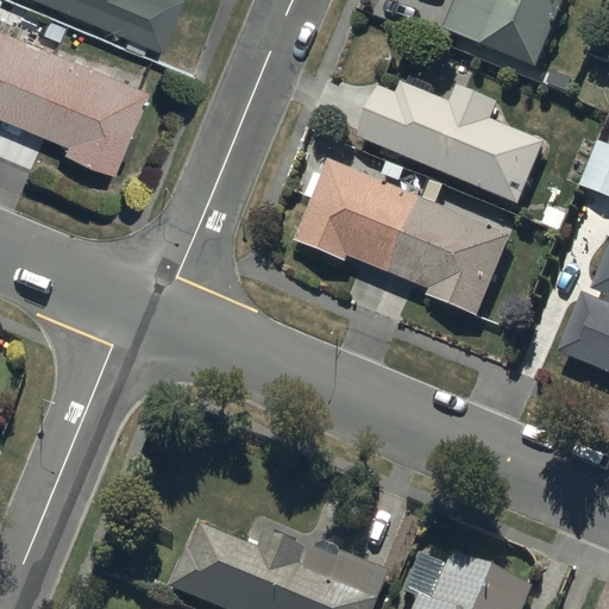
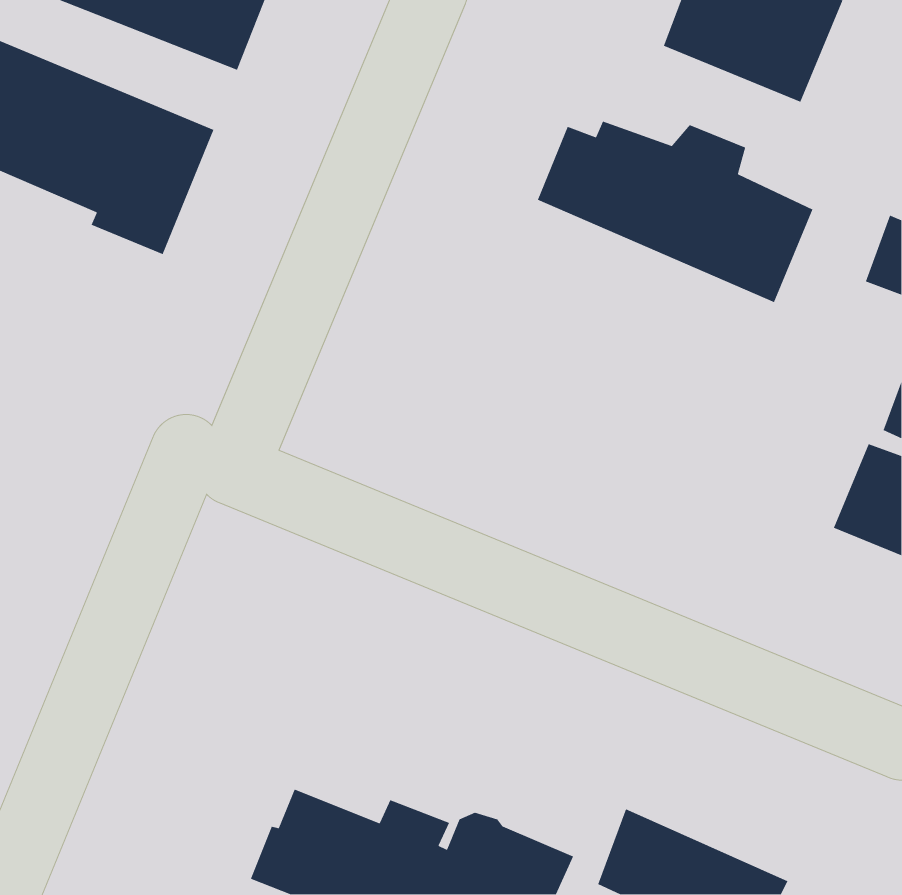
building: [296,163,513,321] -> none

